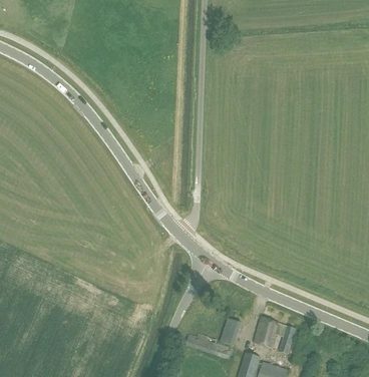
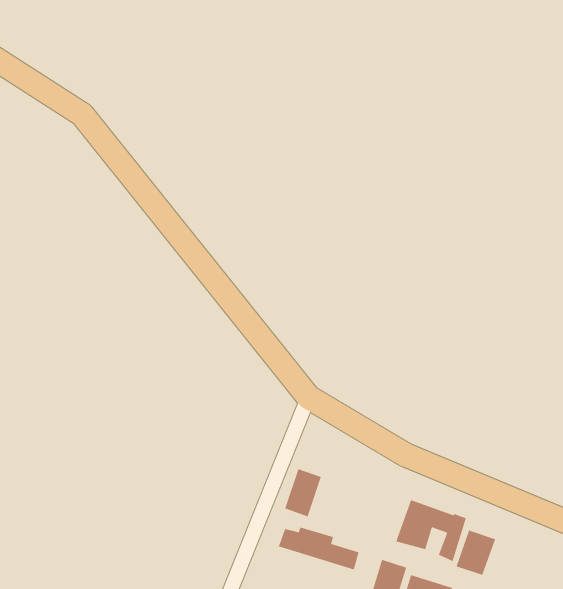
building: [219,317,241,346] -> [284,468,322,517]
building: none -> [455,530,496,576]

